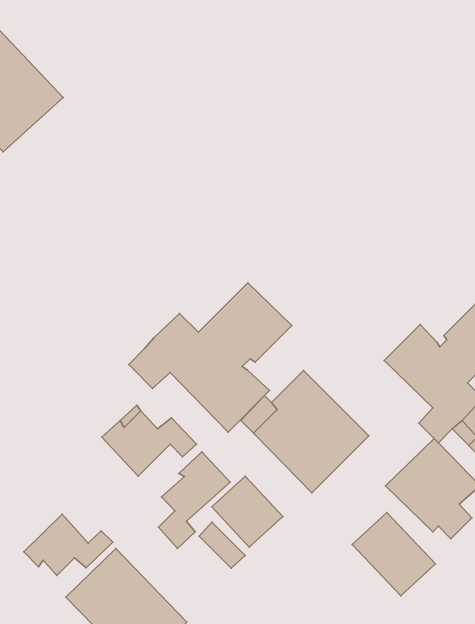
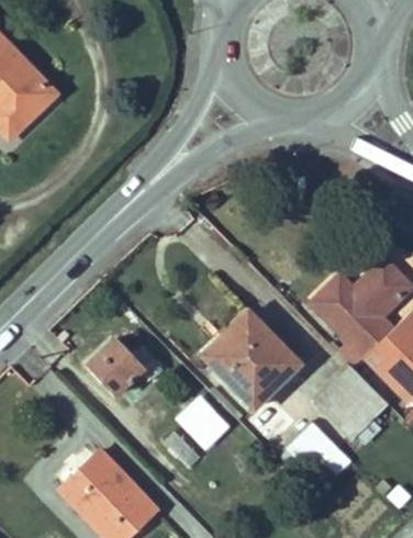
building: [129,283,292,432] -> none
building: [159,452,230,548] -> none
building: [24,514,113,575] -> none

